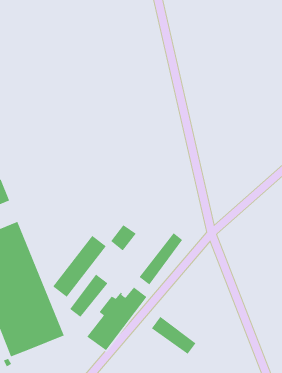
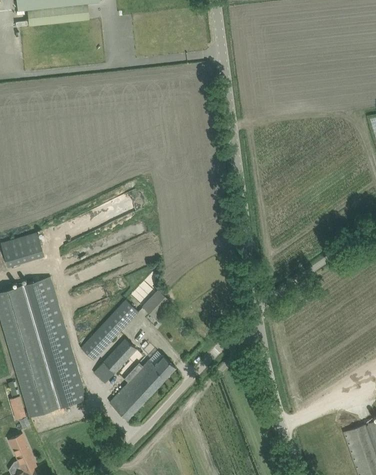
building: [139,232,183,285] -> none
building: [151,316,196,355] -> none

